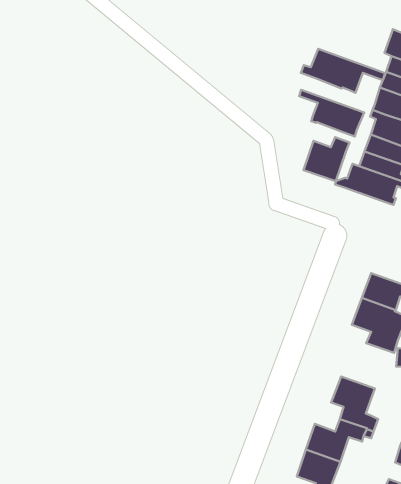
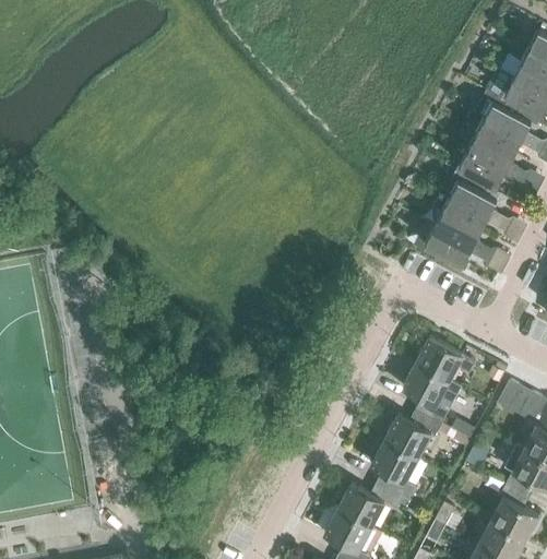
building: [301,49,385,93] -> none
building: [299,90,364,136] -> none
building: [304,137,349,181] -> none
building: none -> [385,408,443,456]

